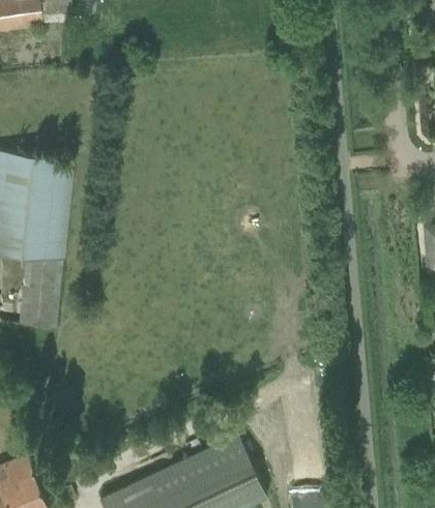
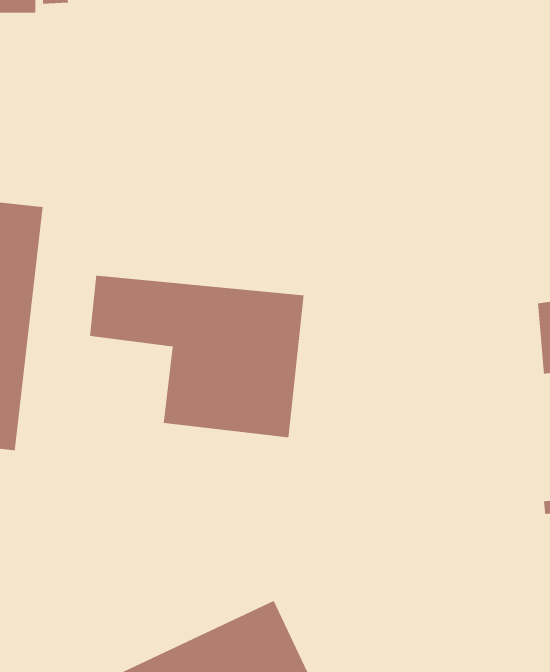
building: none -> [90,275,304,438]

